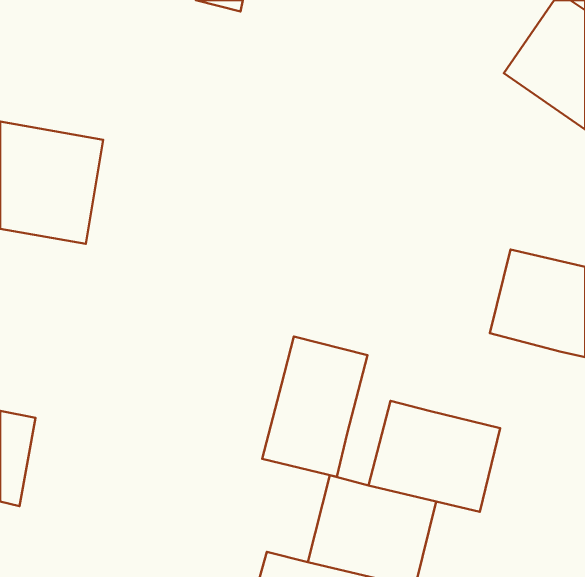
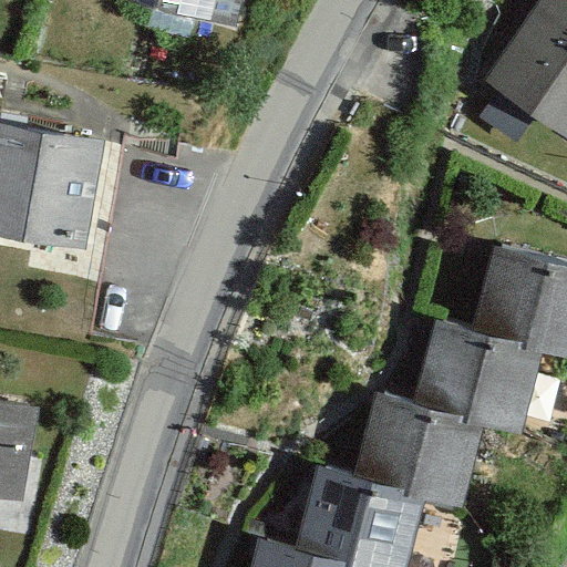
building: none -> [415,321,542,431]
building: [262,337,367,477] -> none

